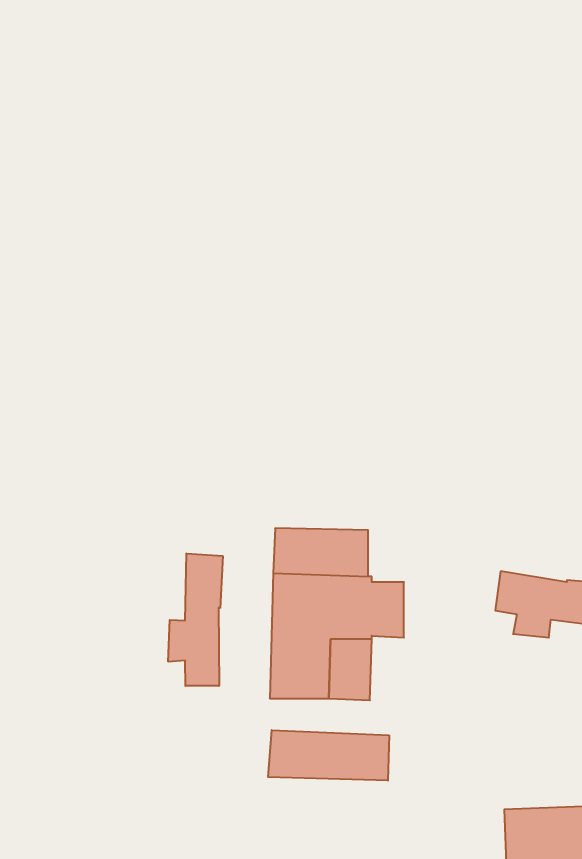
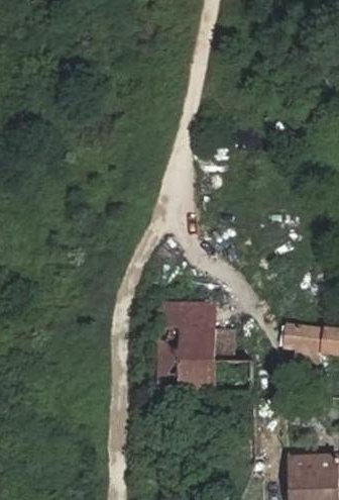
building: [168,553,223,686] -> none
building: [268,730,389,781] -> none

